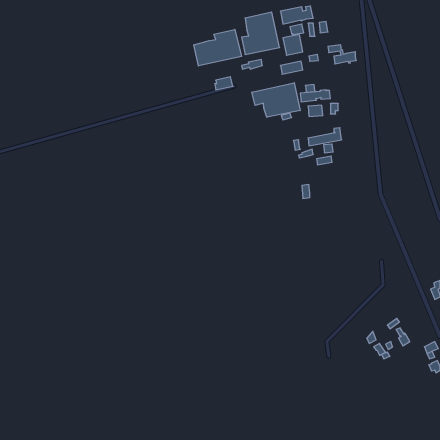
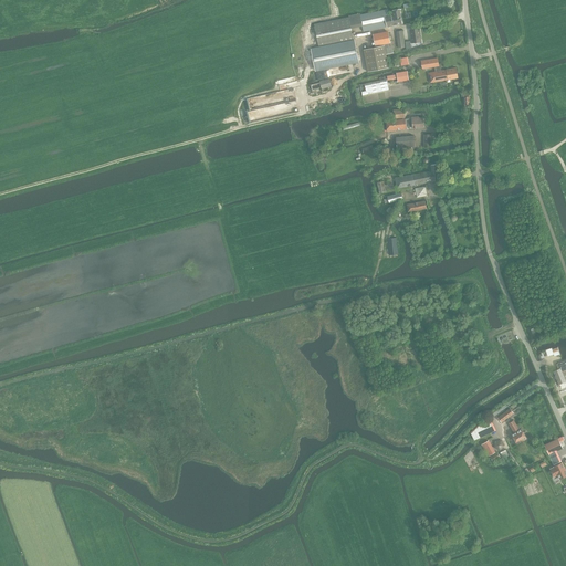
building: [194,29,242,66] -> none
building: [252,83,300,117] -> none

